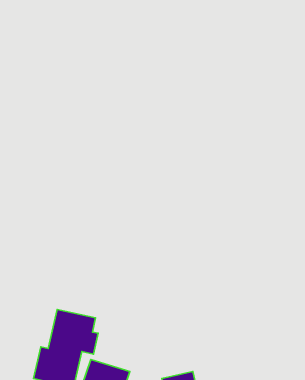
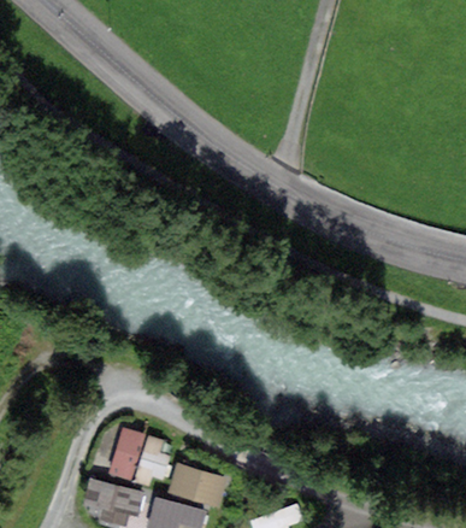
building: none -> [167,462,226,508]

